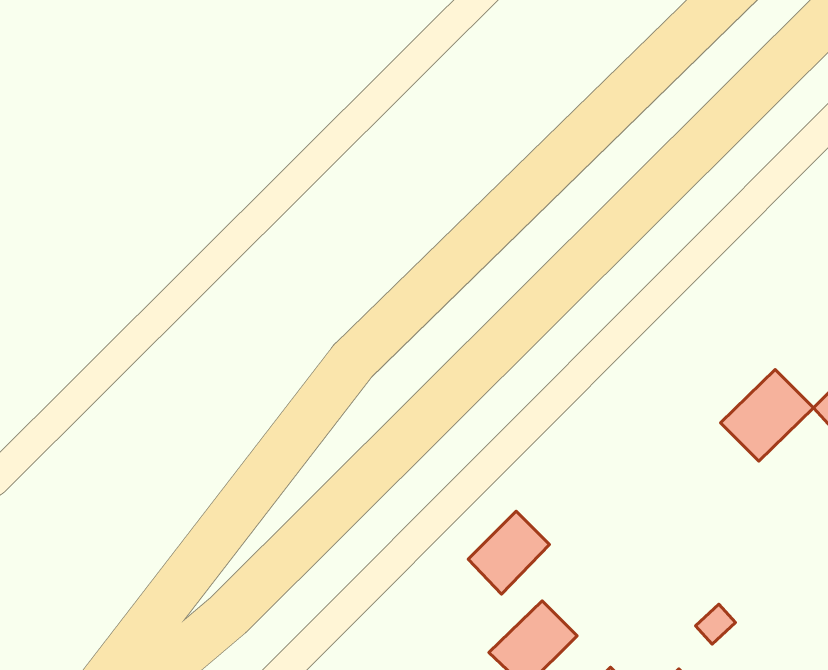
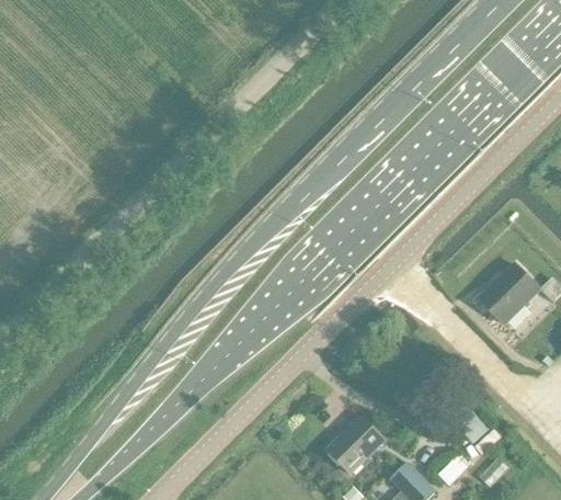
building: [468,511,550,594] -> none

